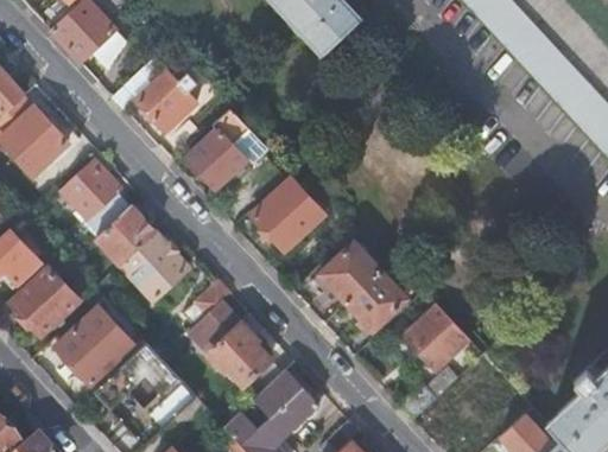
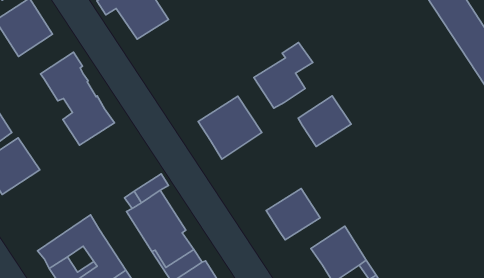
building: [186,109,251,189] -> [254,42,313,108]
building: [120,231,189,300] -> none
building: [319,241,381,301] -> [298,96,351,146]
building: [56,306,134,384] -> none

